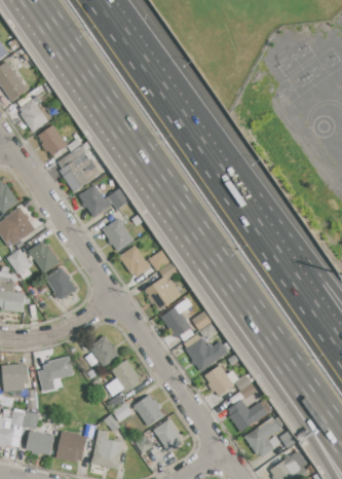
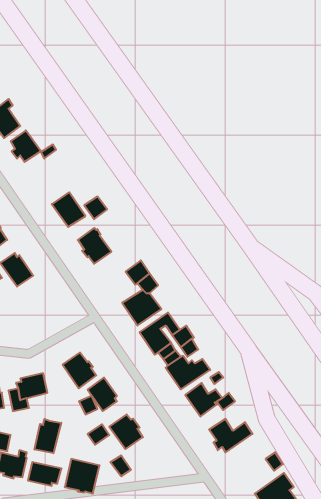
building: [61,152,103,191] -> none
building: [118,245,150,280] -> none
building: [46,267,77,301] -> none
building: none -> [35,419,61,453]
building: [244,417,280,458] -> none
building: [152,418,182,453] -> none

